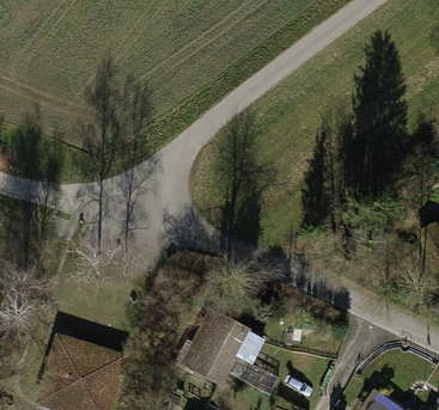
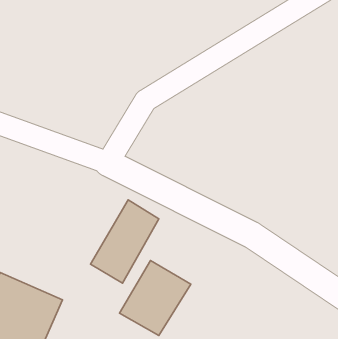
building: none -> [90,200,159,283]

